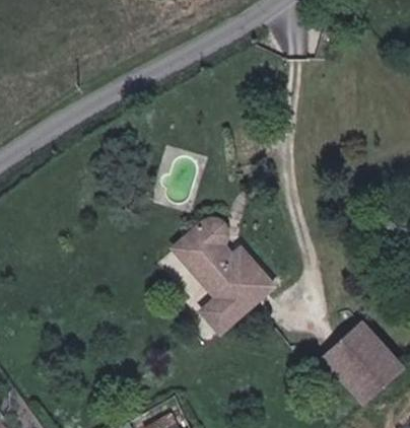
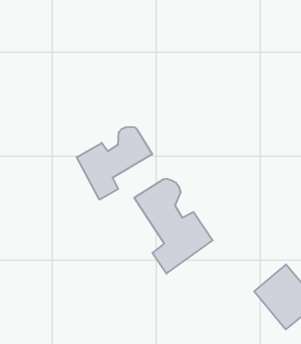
building: none -> [77,127,152,200]

